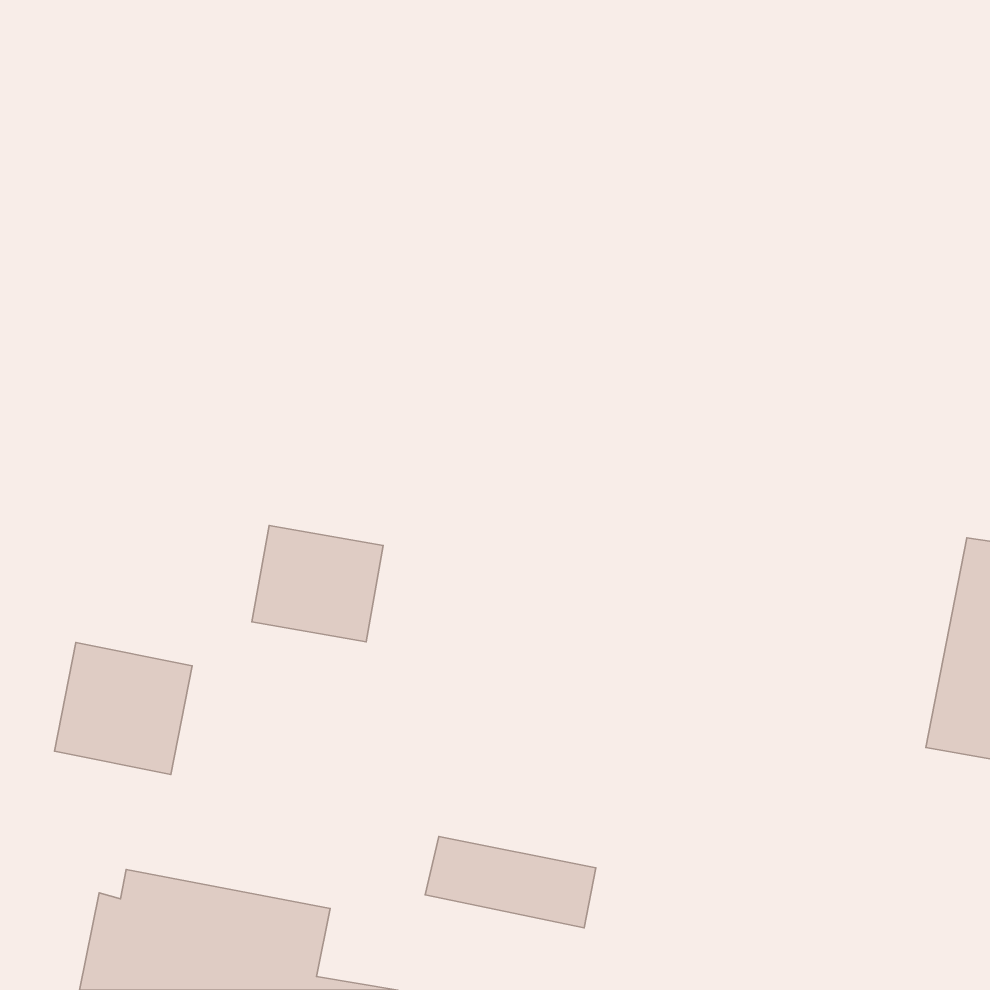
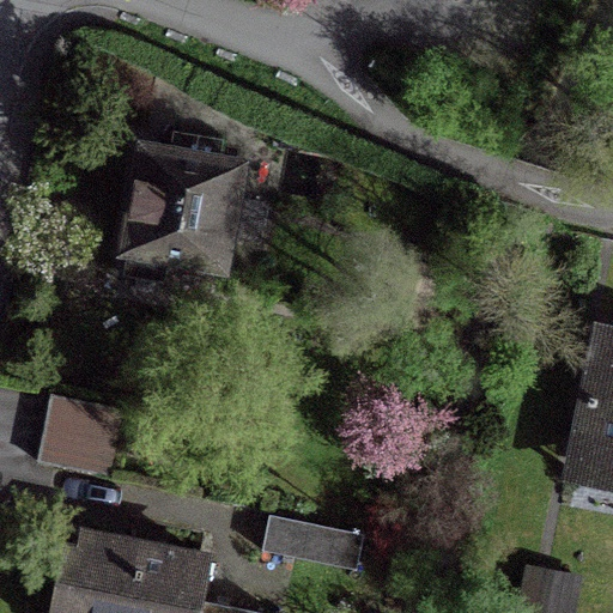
building: none -> [121,140,256,283]
building: [252,526,383,642] -> none

